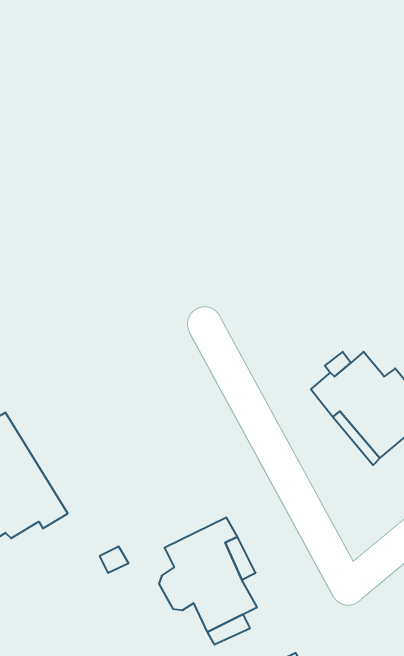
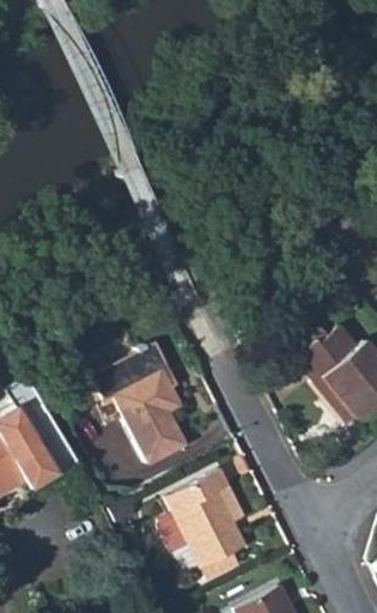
building: none -> [91,342,187,465]

